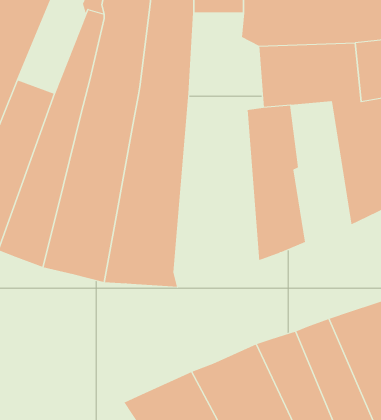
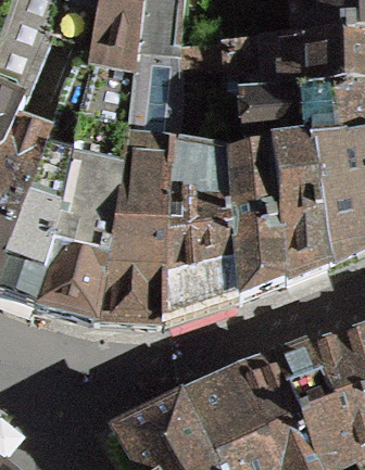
building: none -> [167,136,247,318]
building: none -> [277,143,333,276]

